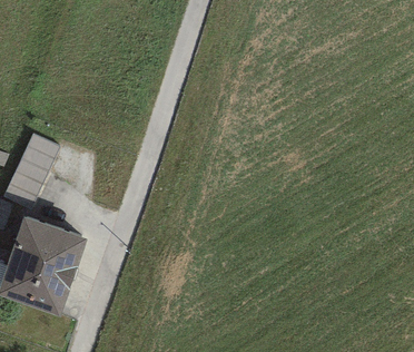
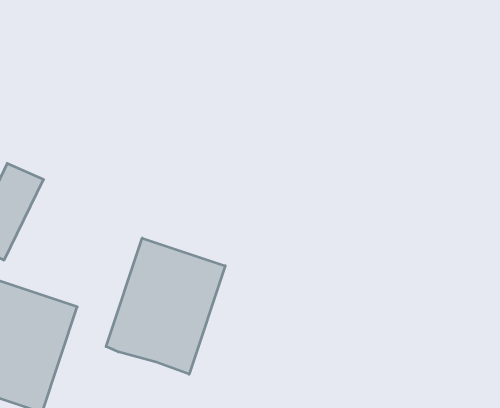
building: none -> [106,238,225,374]

